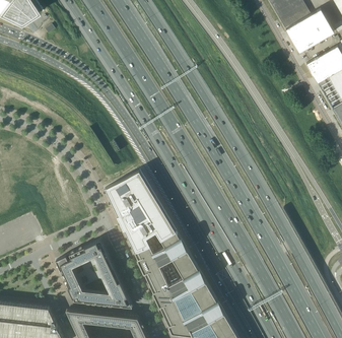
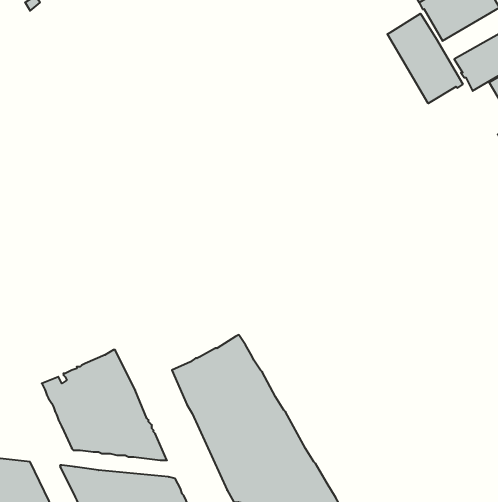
building: none -> [387,14,463,103]
building: [105,171,176,253] -> none

